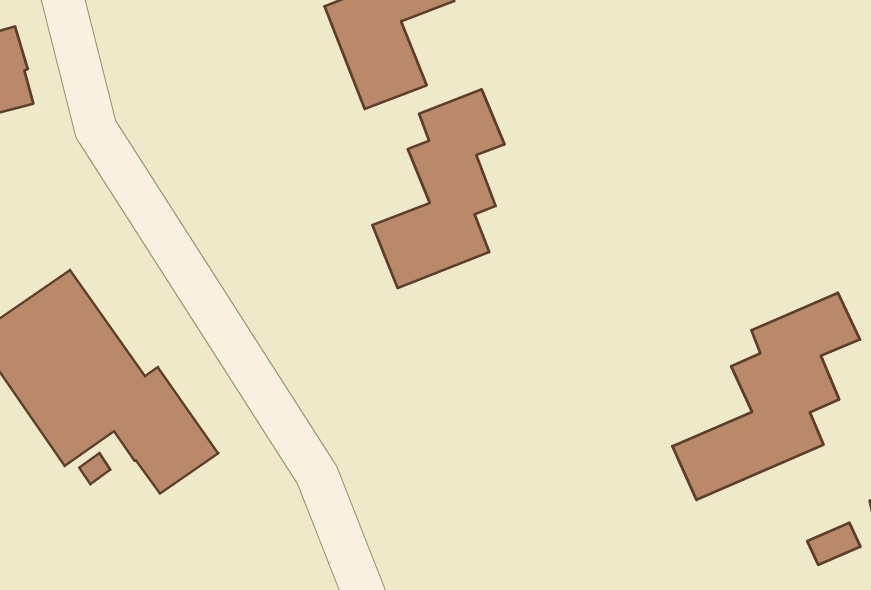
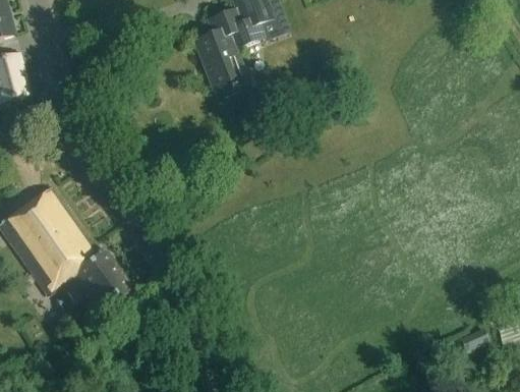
building: [372,89,504,288] -> none
building: [672,293,860,500] -> none

